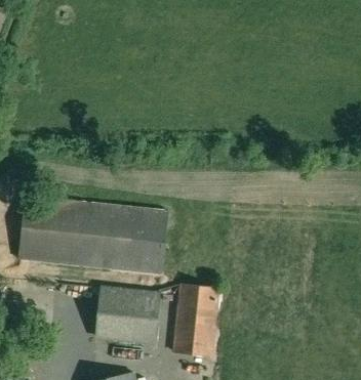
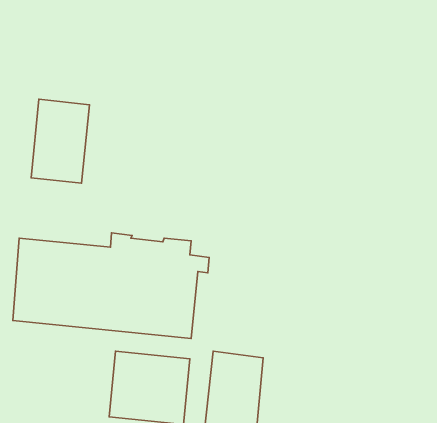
building: none -> [31,99,90,183]

